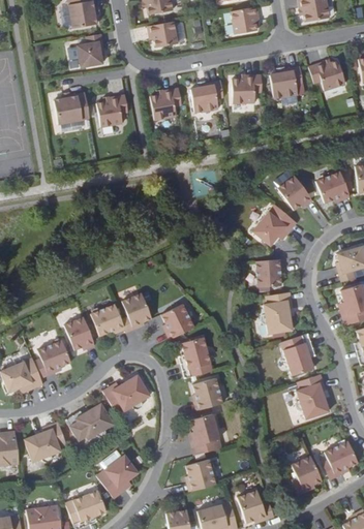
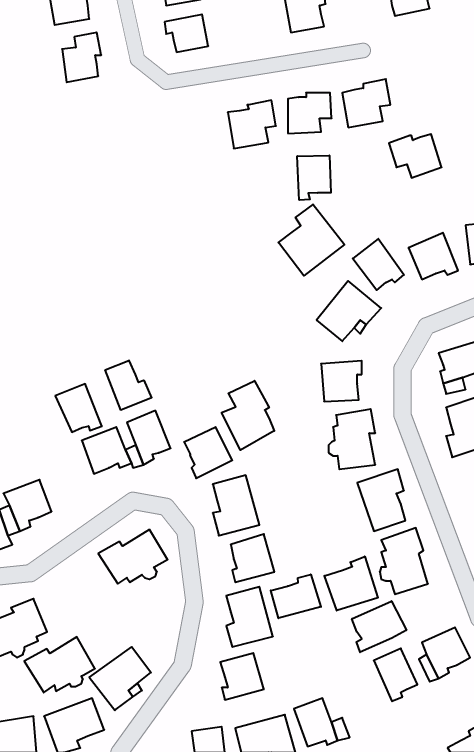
building: [309,60,345,90] -> [389,134,442,178]
building: [151,87,182,120] -> none
building: [54,92,90,124] -> none
building: [97,94,129,126] -> none
building: none -> [297,155,331,200]
building: none -> [278,204,344,276]
building: none -> [105,360,152,410]
building: none -> [222,381,274,450]
building: [63,316,95,349] -> [55,384,102,432]
building: none -> [324,556,378,611]
building: [65,402,114,440] -> [24,637,95,693]
building: none -> [271,574,321,618]
building: none -> [352,601,406,652]

